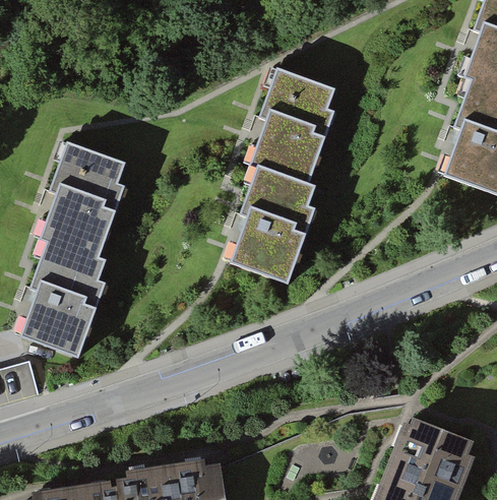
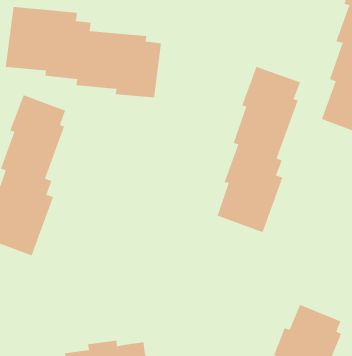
building: none -> [5,6,162,98]
building: [229,74,335,286] -> [217,66,301,233]

